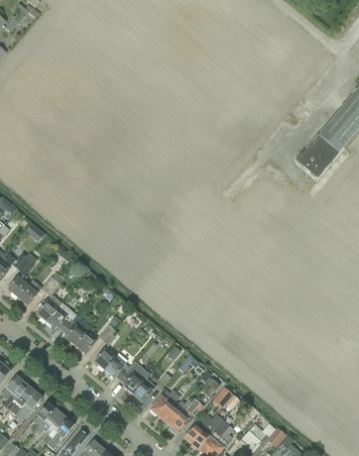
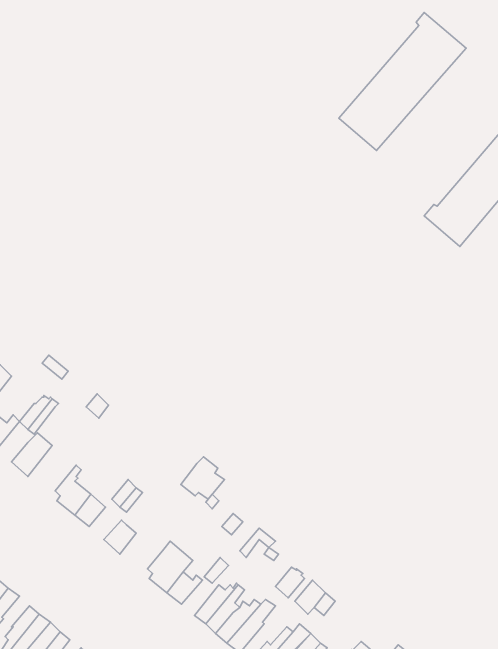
building: none -> [339,13,466,151]
building: [46,303,77,331] -> none
building: [104,353,131,379] -> [181,457,224,499]

